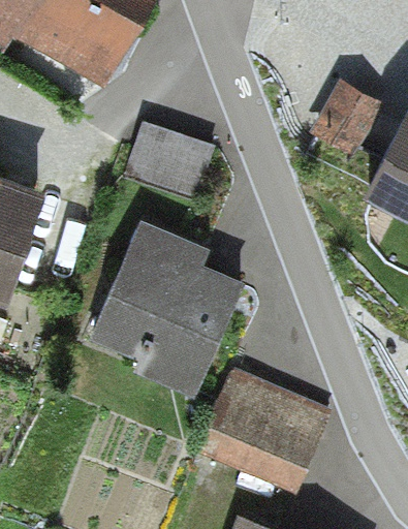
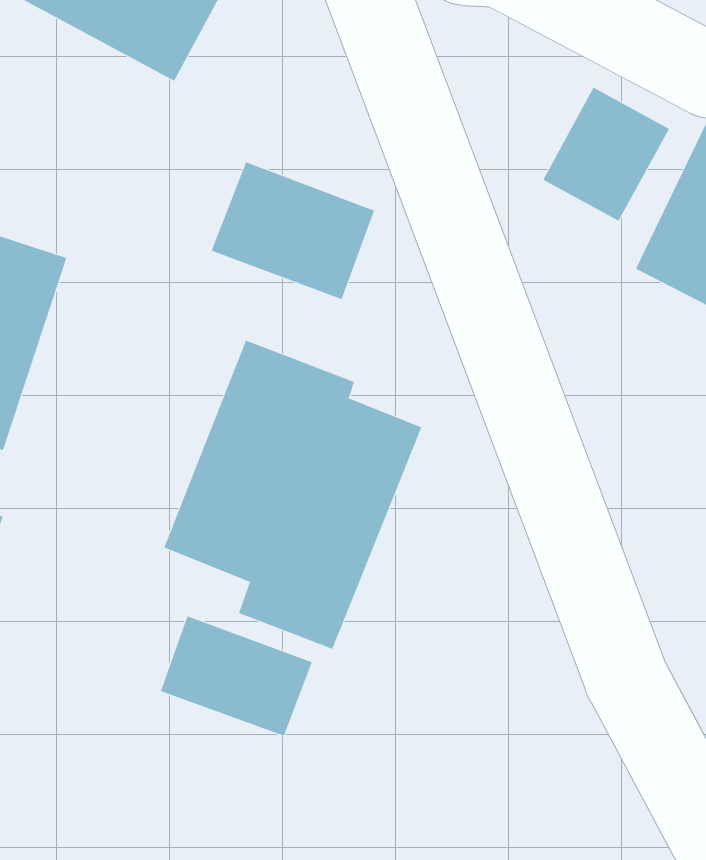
building: [198,371,332,495] -> none
building: none -> [160,616,312,737]

